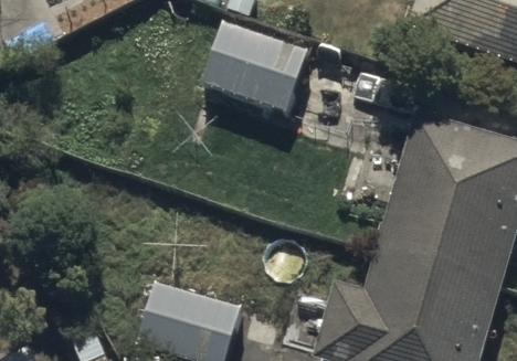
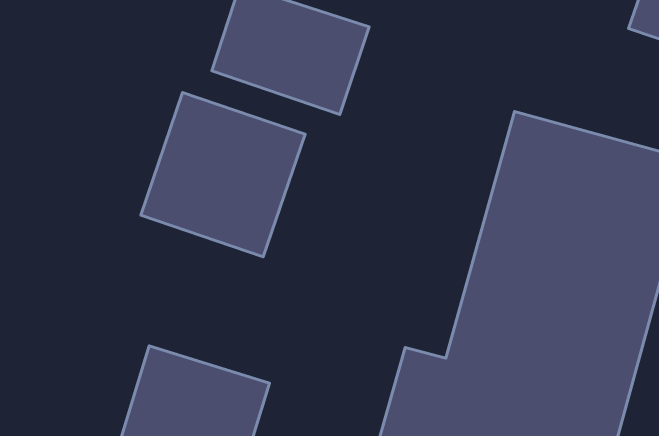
building: none -> [141,93,305,257]

